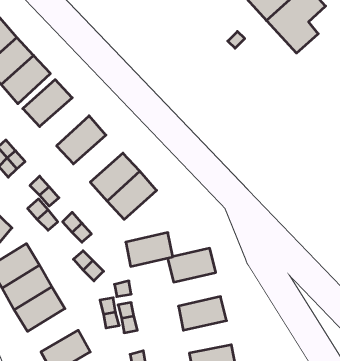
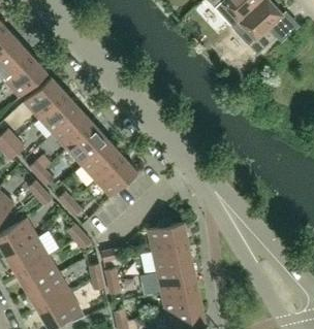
building: none -> [37,93,80,134]
building: none -> [66,125,108,165]
building: [126,233,173,266] -> [152,242,192,271]
building: none -> [27,273,70,310]
building: none -> [160,284,201,311]

